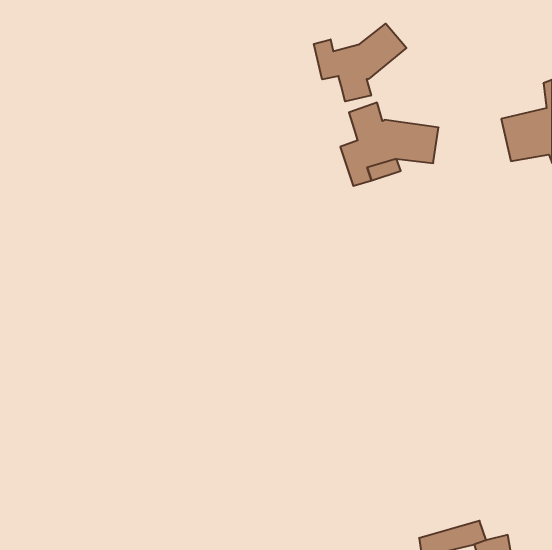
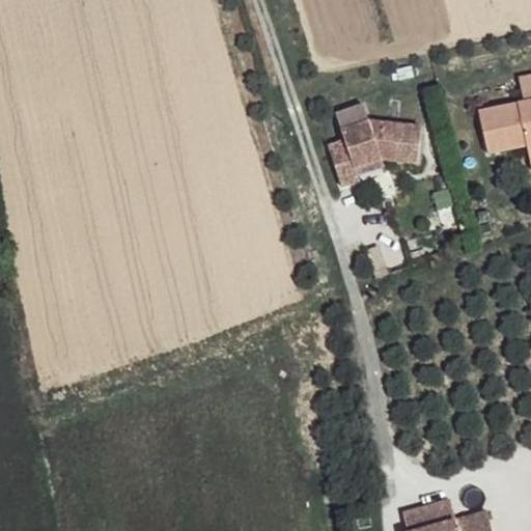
building: [314,24,406,101] -> none

